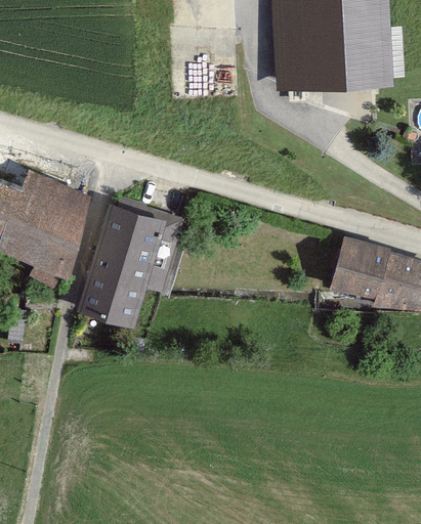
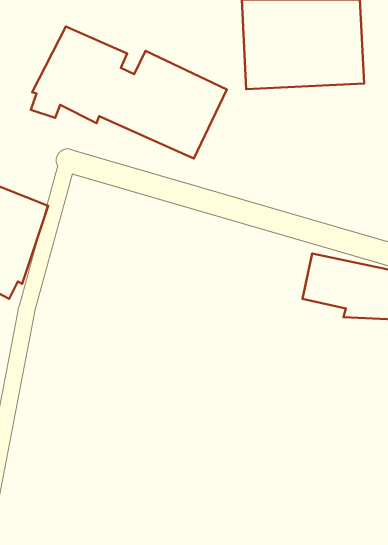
building: none -> [31,27,227,159]
building: [81,203,179,328] -> none

